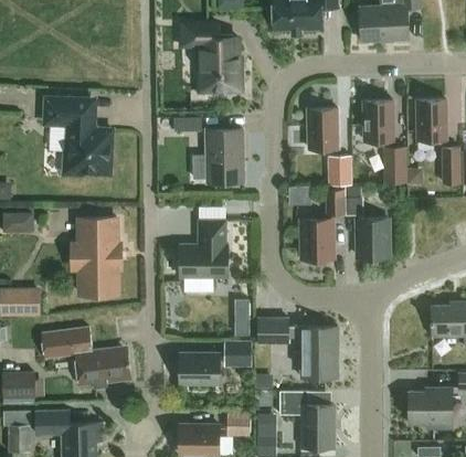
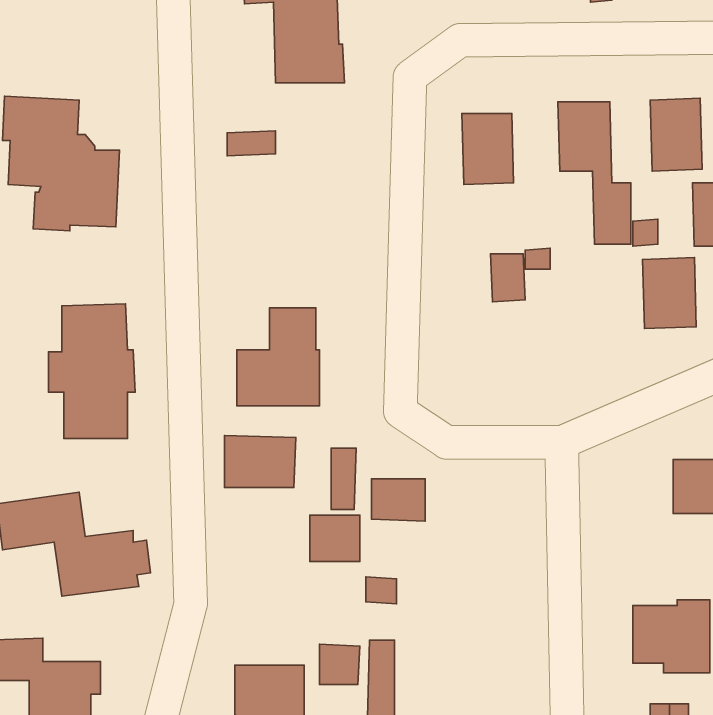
building: [208,129,244,182] -> none
building: [328,155,351,184] -> none
building: [303,219,332,259] -> none
building: [358,219,389,259] -> [642,258,696,329]
building: [300,327,337,376] -> none
building: [179,353,220,383] -> [225,436,296,487]
building: [279,391,332,448] -> none

